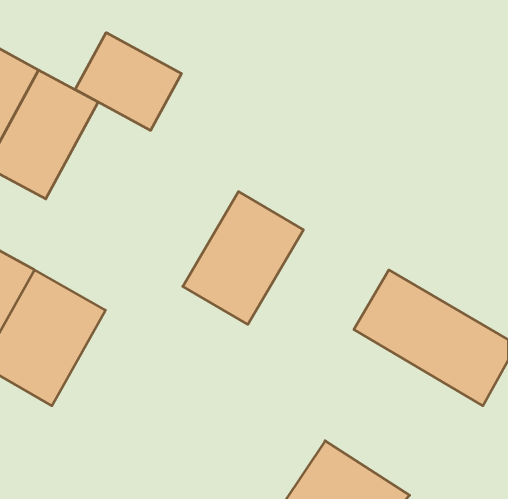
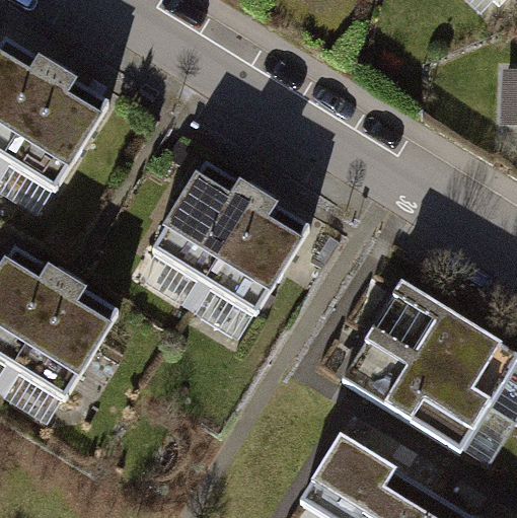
building: [75,33,181,130] -> none
building: none -> [135,160,250,289]
building: none -> [327,331,491,468]

